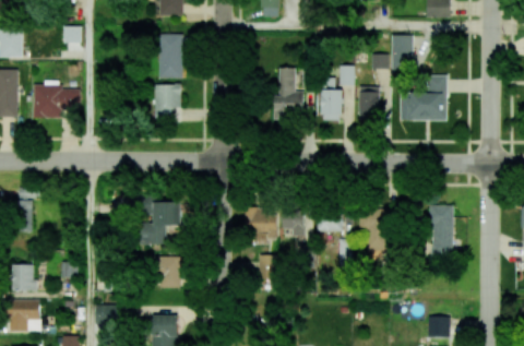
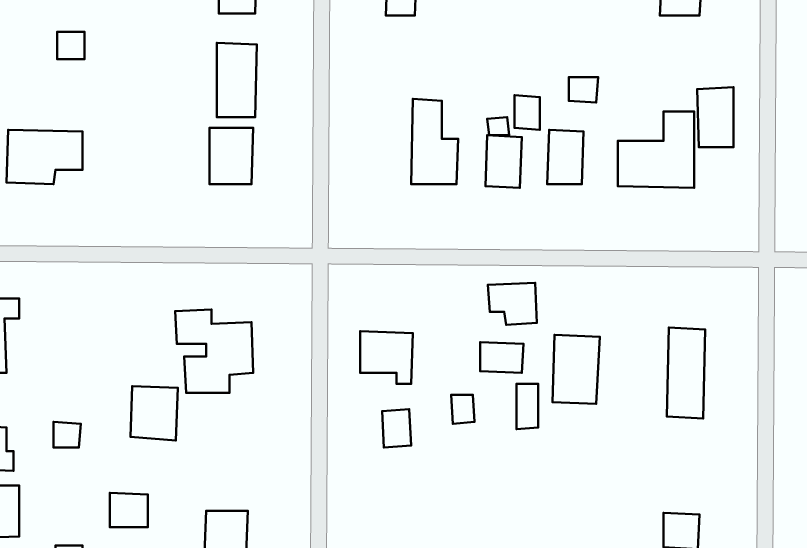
building: [391,35,413,71] -> [697,87,733,147]
building: [283,212,312,237] -> [488,283,537,325]
building: [154,256,182,289] -> [131,386,178,440]

